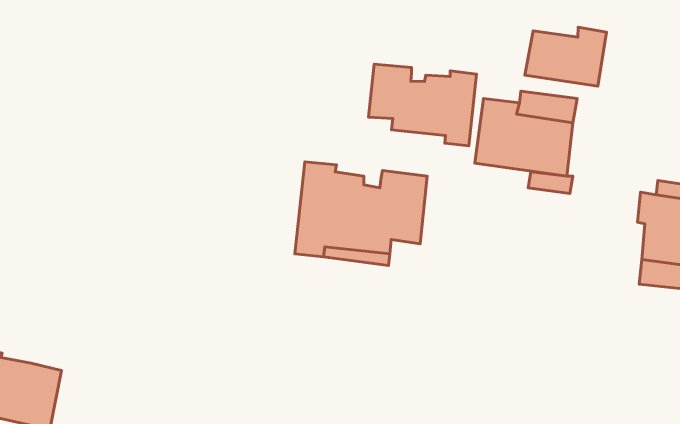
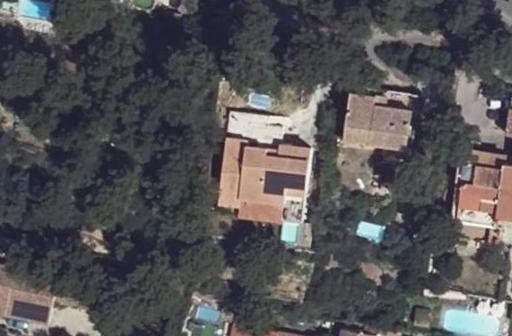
building: [525,27,607,86] -> none
building: [369,64,476,146] -> none

